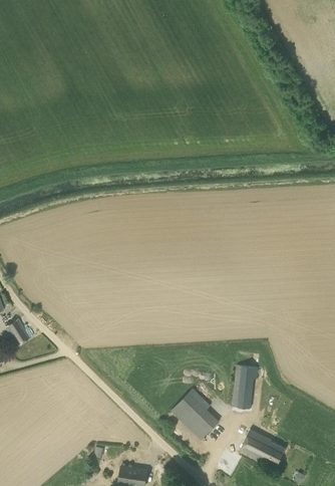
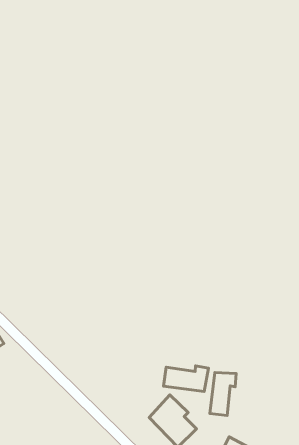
building: none -> [164,366,209,391]

